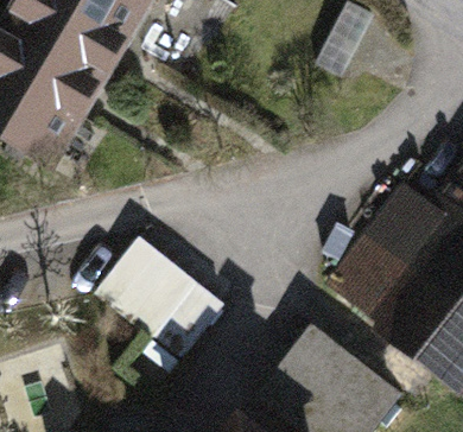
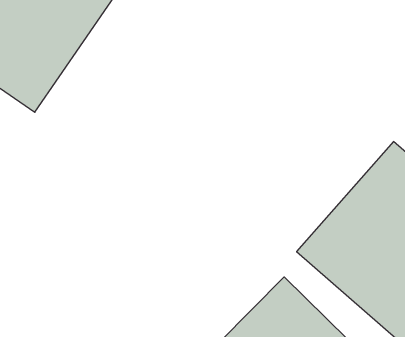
building: [94,236,228,364] -> none

